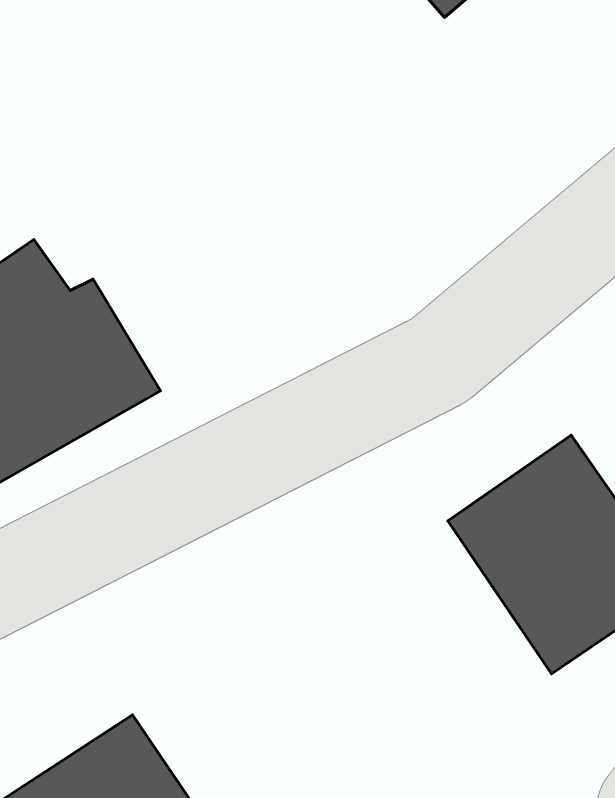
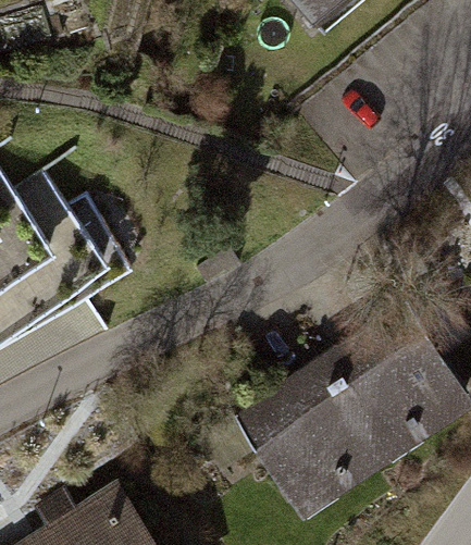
building: none -> [233,358,385,516]

